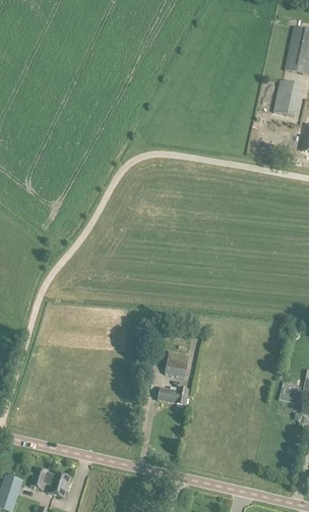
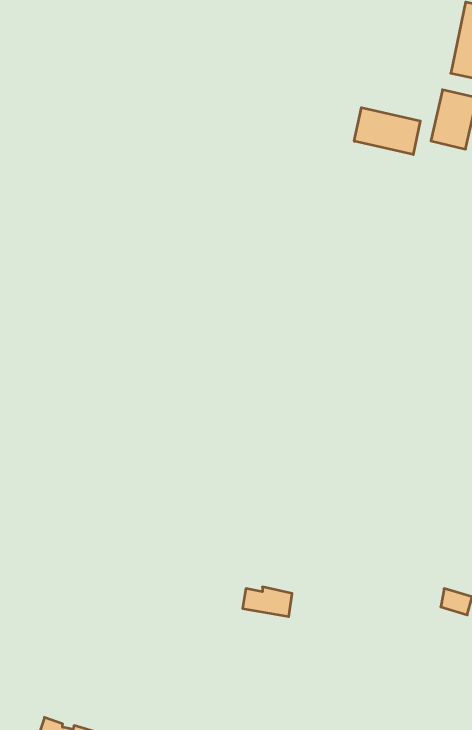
building: none -> [354,108,420,155]
building: [164,350,188,378] -> none

